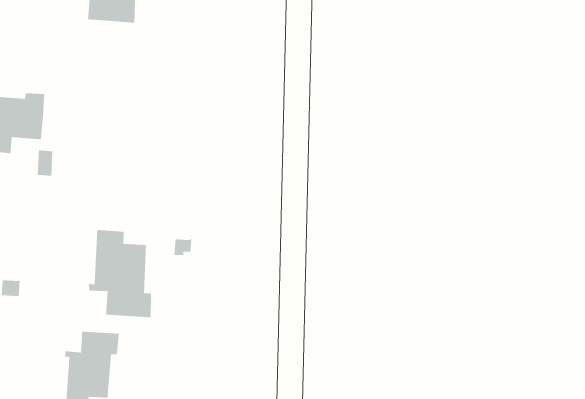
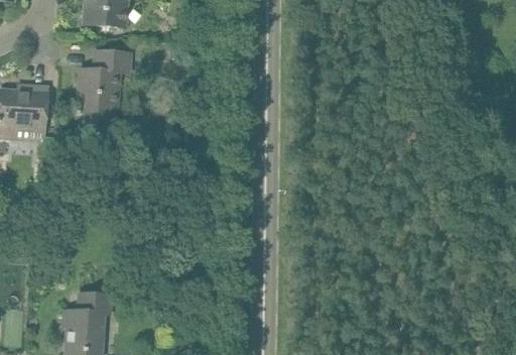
building: none -> [78,48,130,121]
building: [88,229,152,318] -> none

